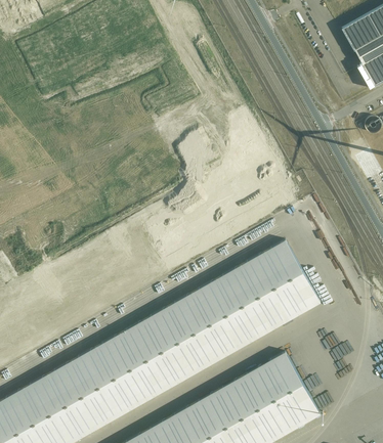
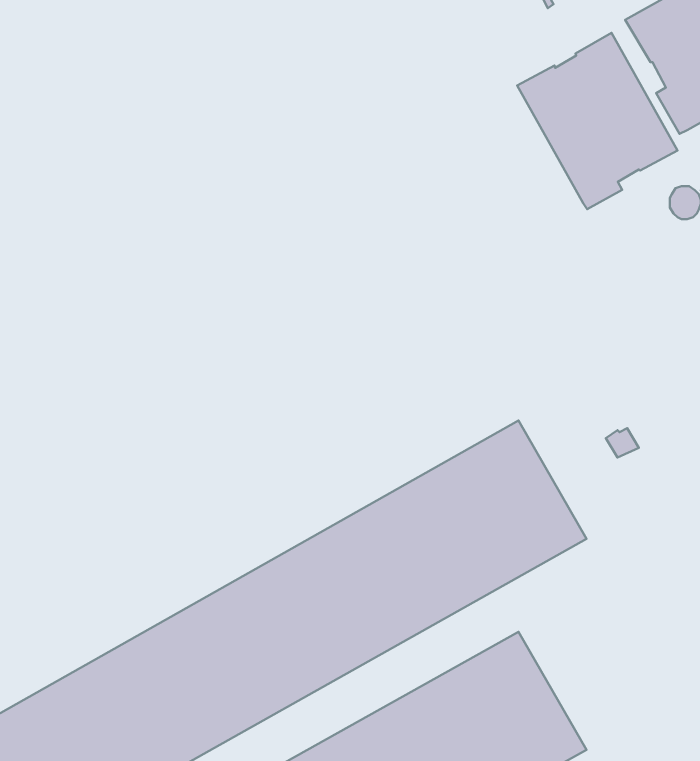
building: none -> [517,33,678,209]

